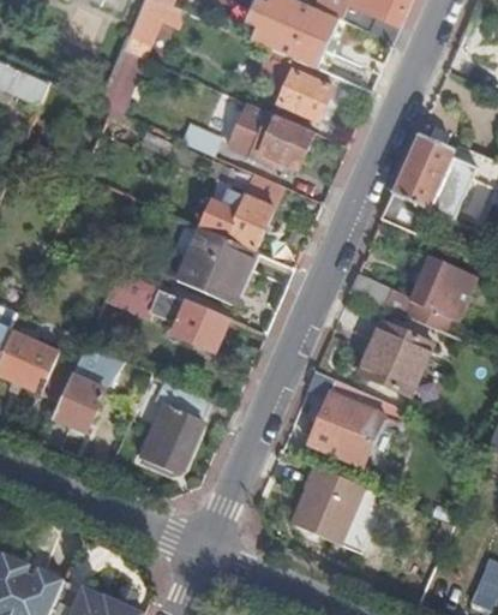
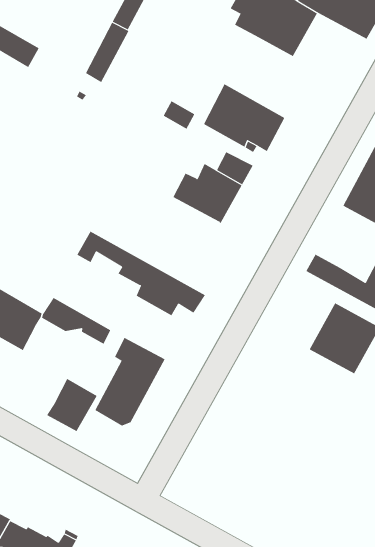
building: [259,49,332,120] -> none
building: [170,222,253,303] -> none
building: [308,370,383,466] -> none
building: [54,375,106,430] -> [46,378,97,432]
building: [292,466,366,544] -> none

